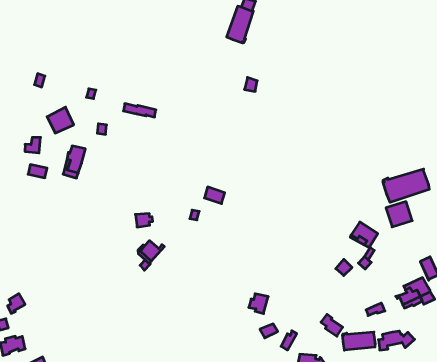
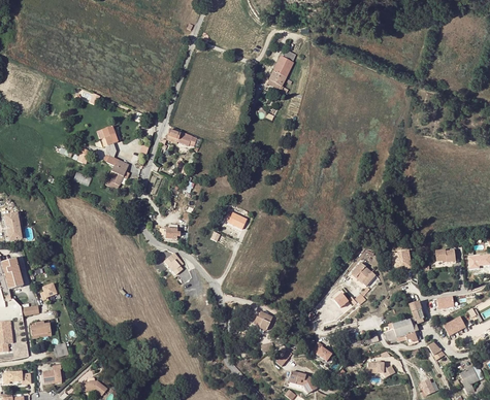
building: [383,169,429,202] -> none
building: [343,332,375,350] -> none

